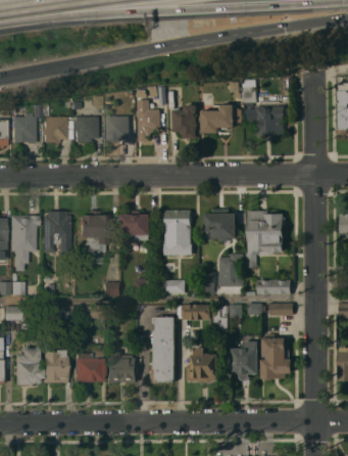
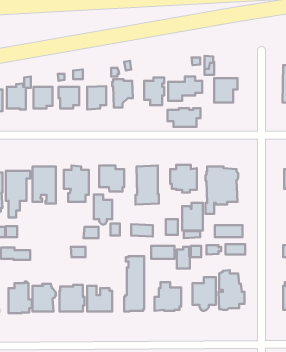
building: none -> [167,108,200,127]
building: none -> [94,195,112,225]

